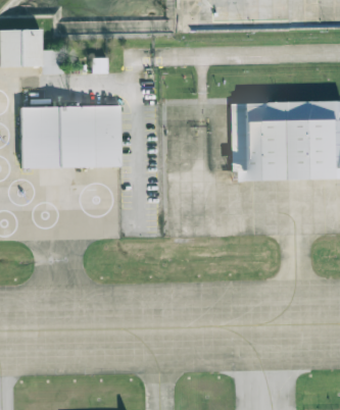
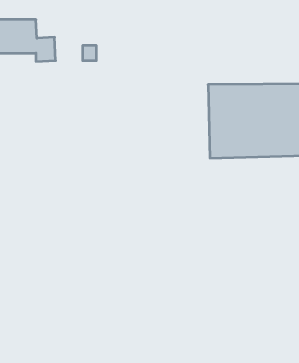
building: [16,105,120,169] -> none

